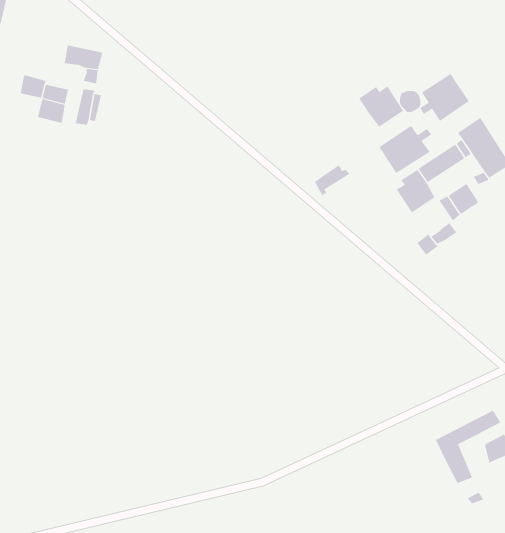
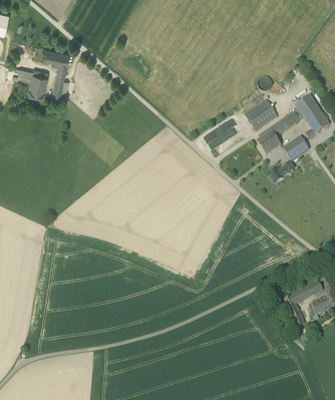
building: [420,73,469,122] -> none
building: [359,86,404,127] -> none

